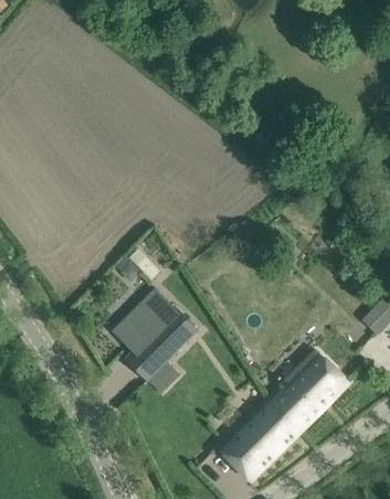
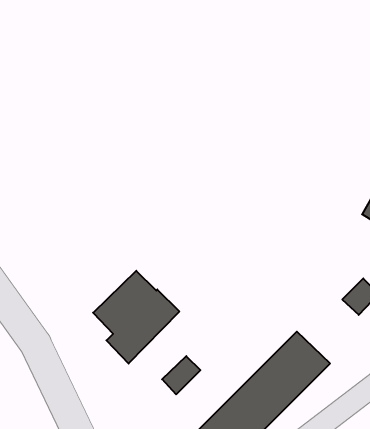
building: none -> [162,356,200,394]

